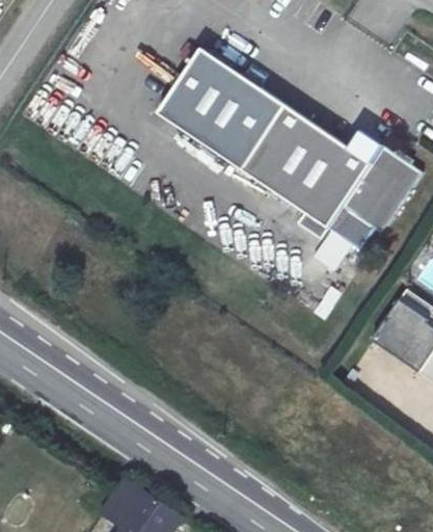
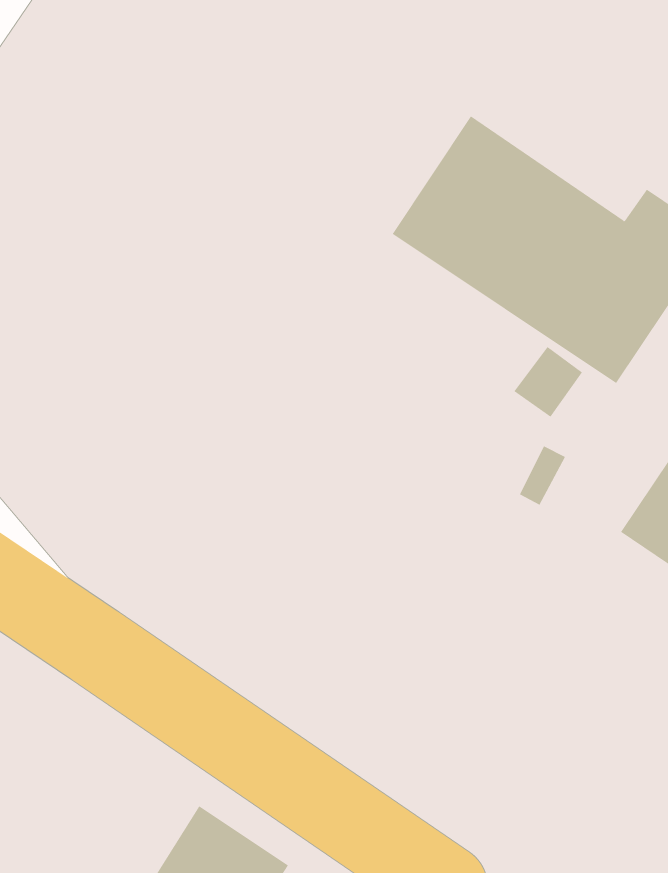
building: [160,50,287,171] -> none

